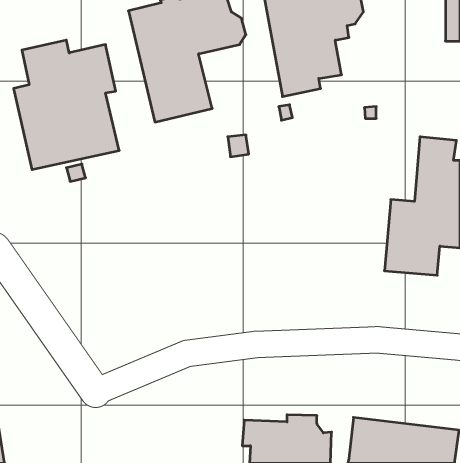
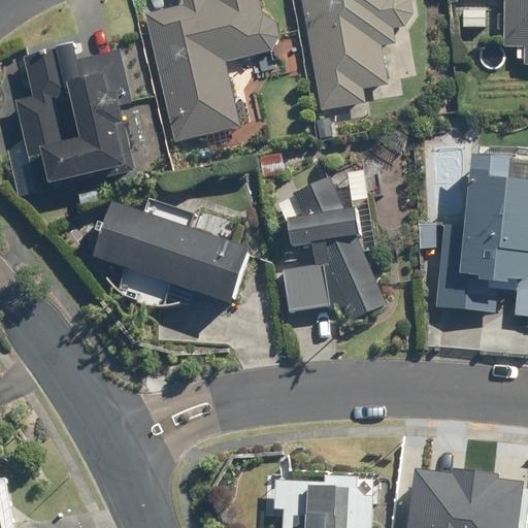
building: none -> [283,177,385,320]
building: none -> [97,204,253,305]

